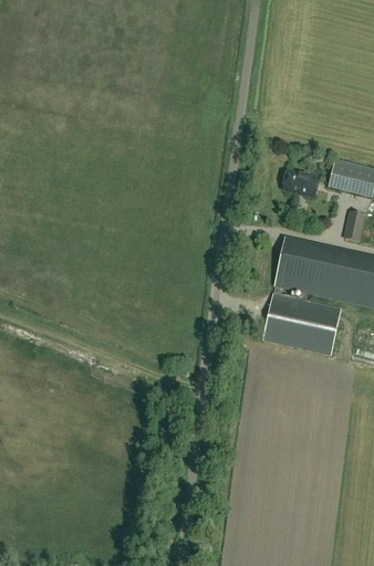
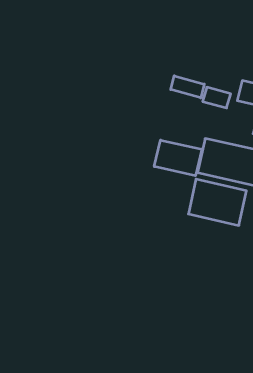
building: none -> [171,76,204,98]
building: none -> [154,140,202,176]

